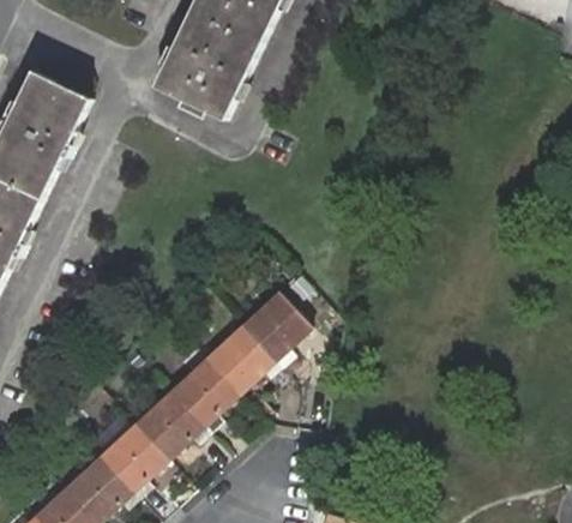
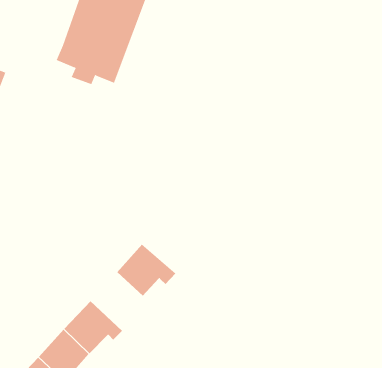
building: [237,296,306,371] -> none
building: [167,362,233,437] -> none

